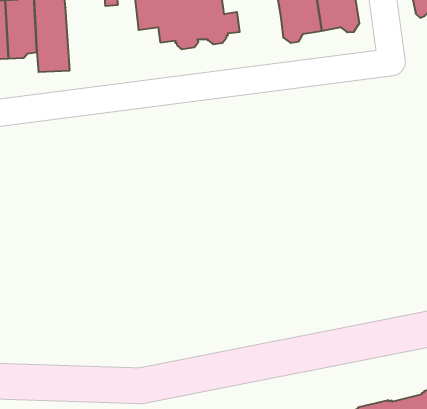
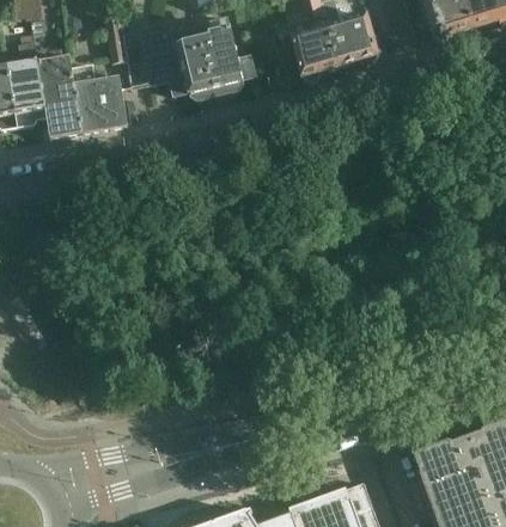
building: none -> [72,66,127,134]

